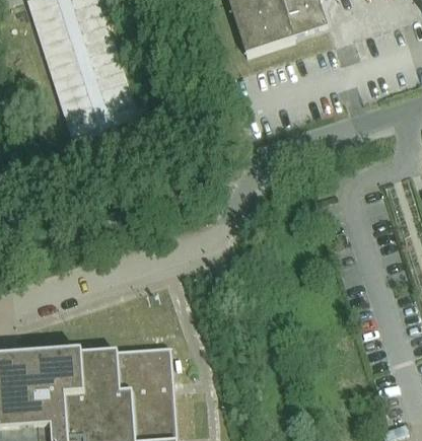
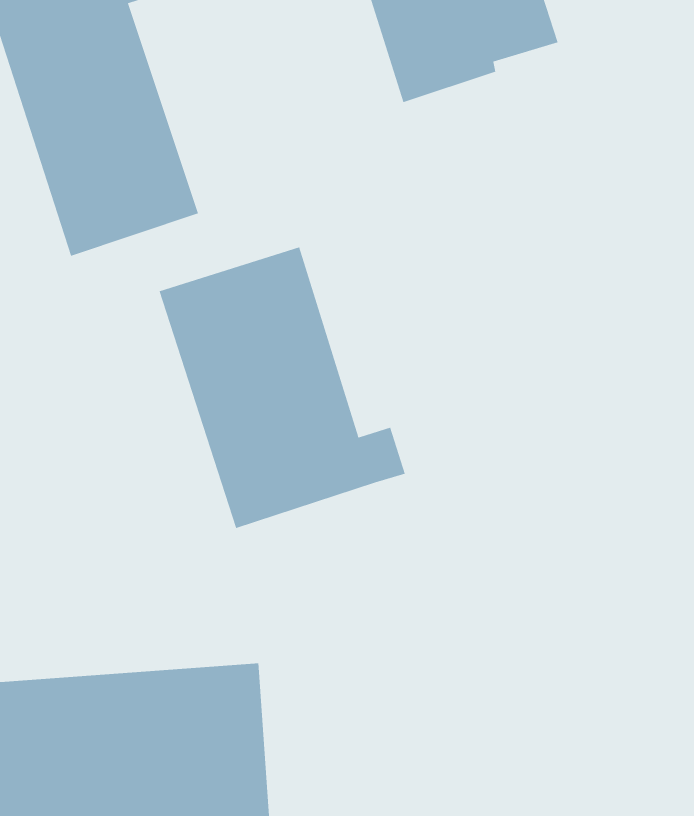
building: none -> [159,247,405,529]

